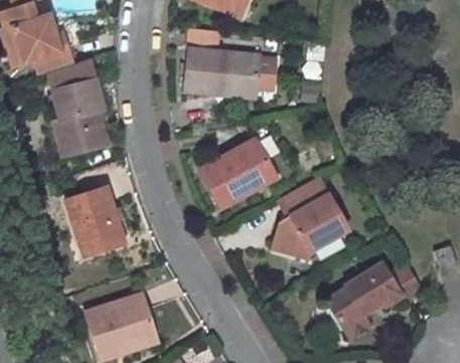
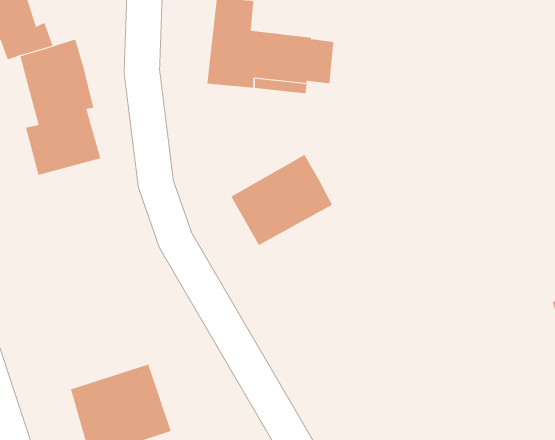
building: [270,178,344,258] -> none
building: [67,186,124,253] -> none
building: [321,263,419,340] -> none

